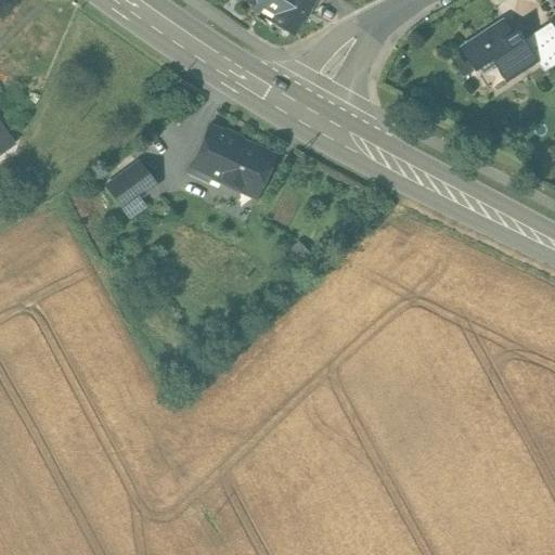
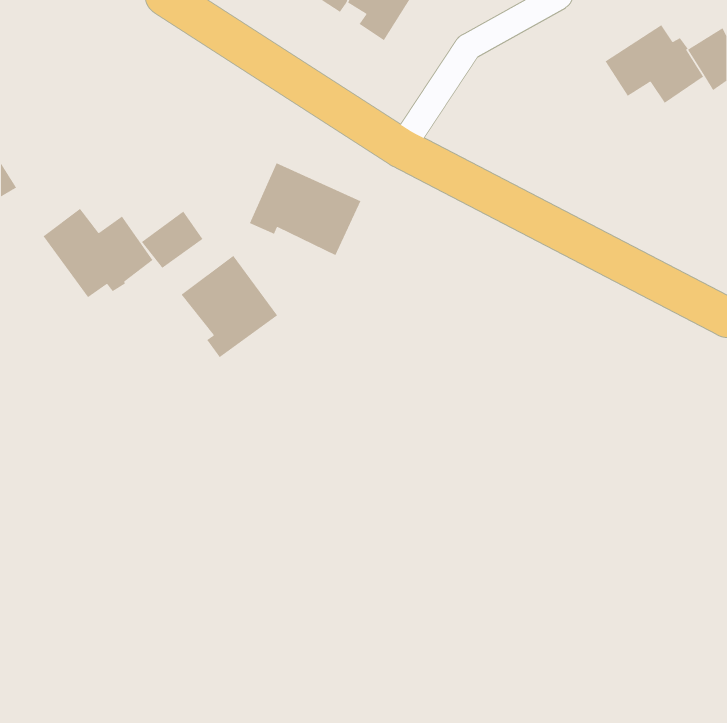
building: none -> [42,208,154,298]
building: none -> [180,255,278,358]

